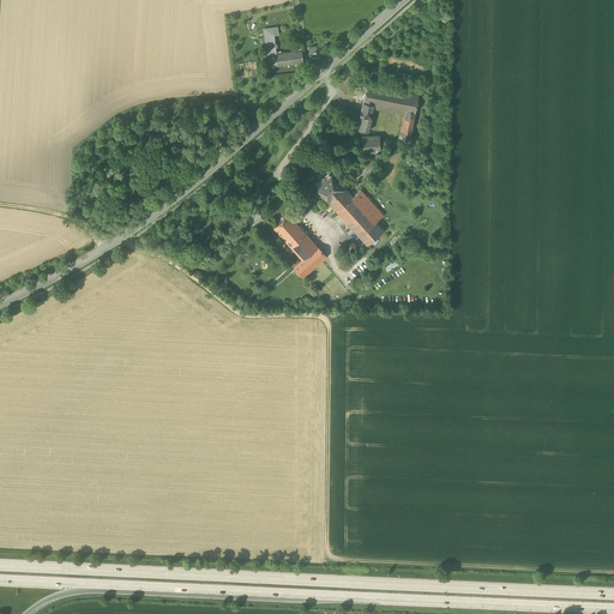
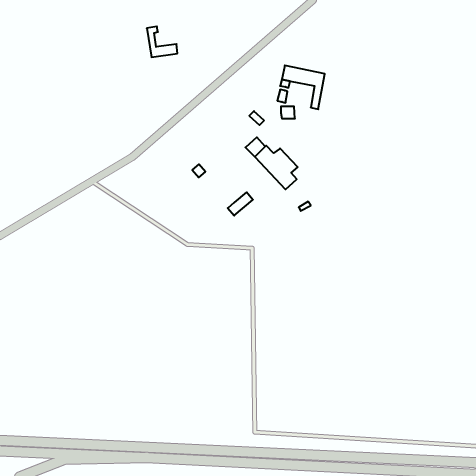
building: [263,29,302,68] -> [147,26,177,57]
building: [273,212,317,261] -> none

